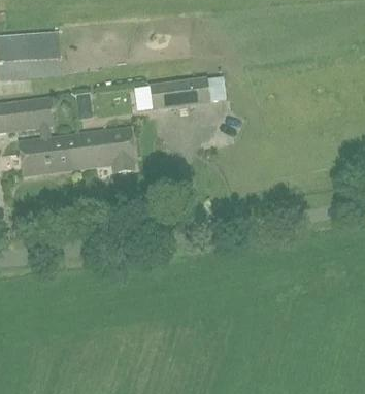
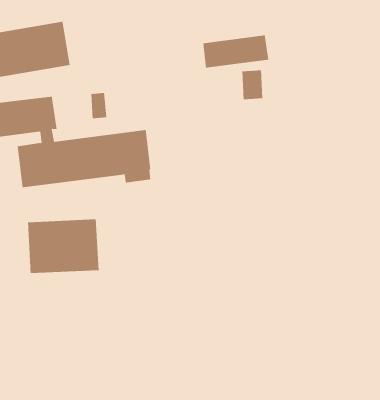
building: [151,78,208,107] -> [203,35,269,68]
building: none -> [27,219,99,274]

